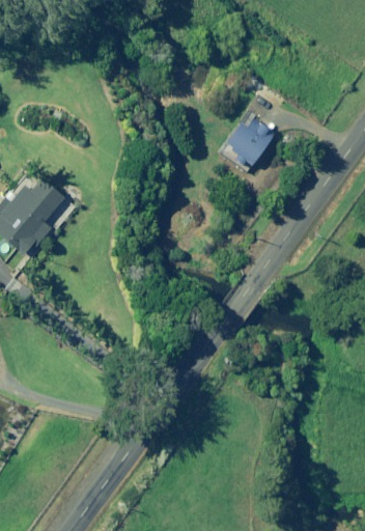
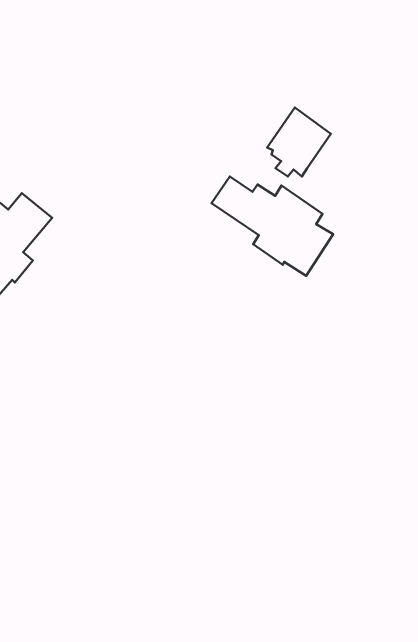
building: none -> [211,176,333,276]

